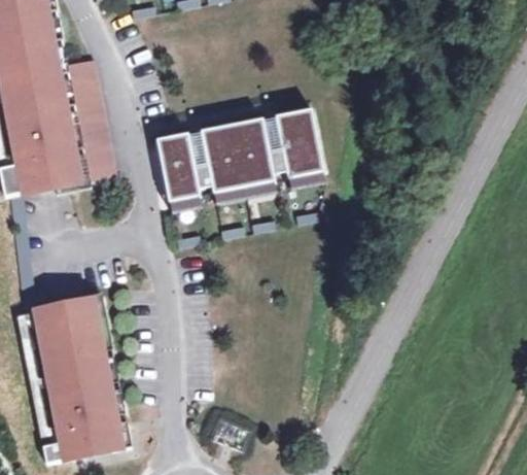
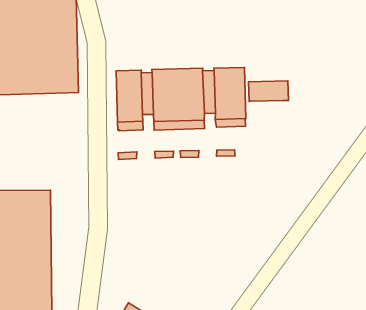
building: none -> [249,81,288,102]

